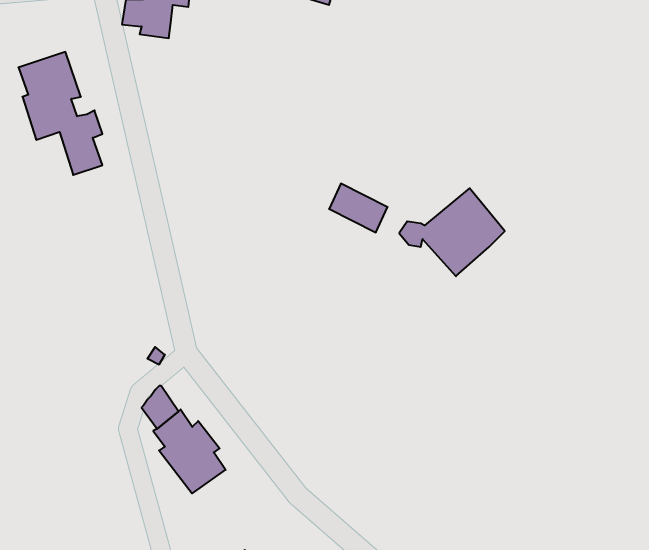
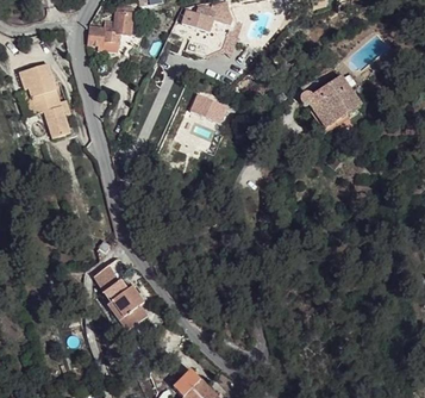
building: [329,184,388,232] -> [188,92,224,122]
building: [399,188,505,276] -> [286,67,350,120]

